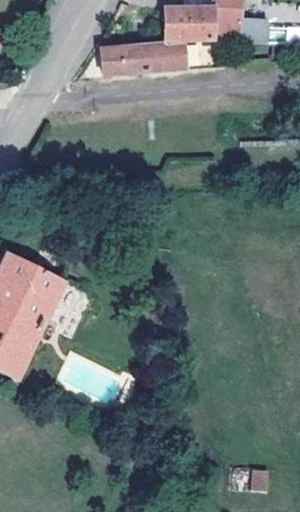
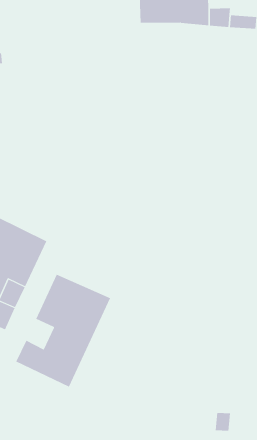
building: [101,42,185,72] -> none
building: none -> [15,274,111,388]

